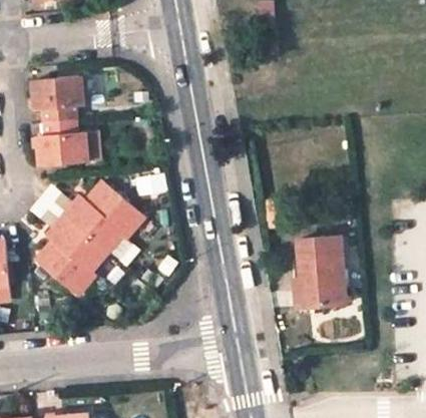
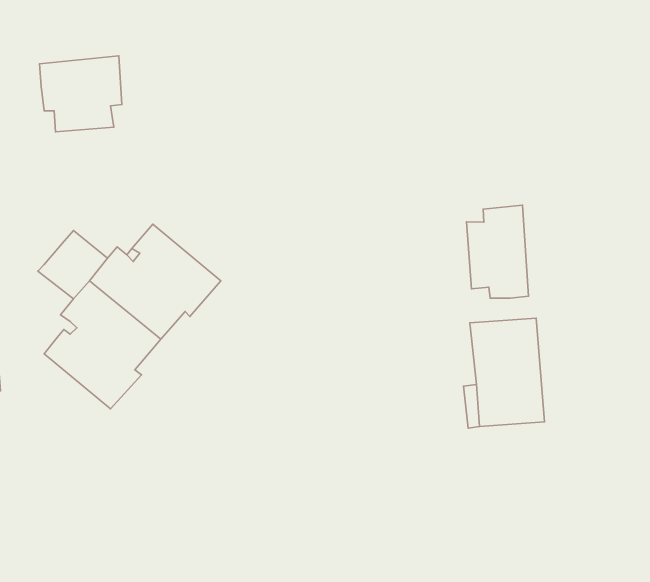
building: [37,120,87,166] -> none
building: none -> [466,205,528,298]

